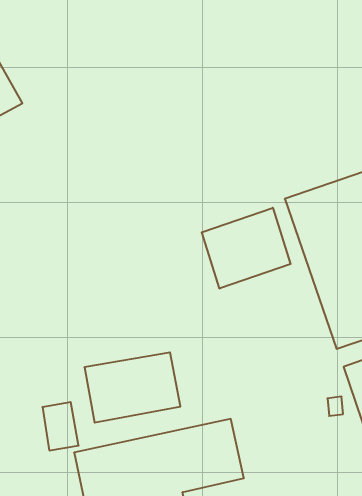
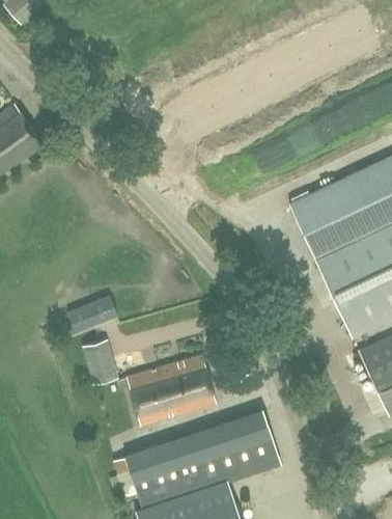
building: [202,208,291,289] -> none
building: none -> [68,296,118,333]
building: [42,402,79,450] -> [83,339,119,385]

